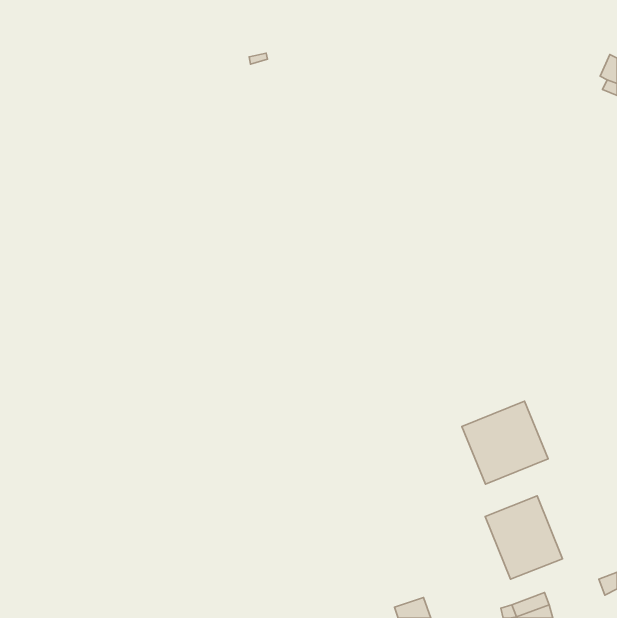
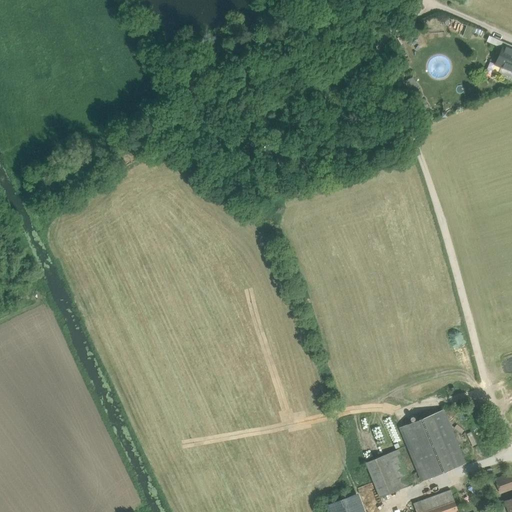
building: [462,401,548,484] -> none
building: none -> [365,449,413,497]

